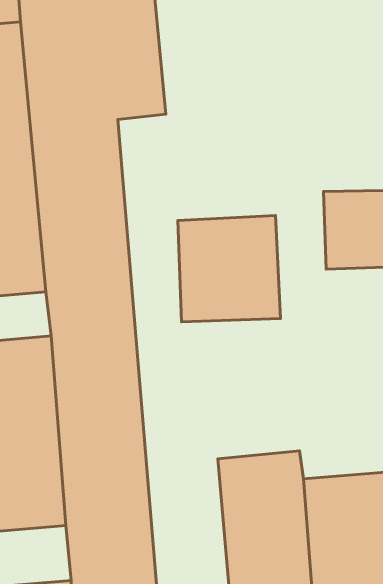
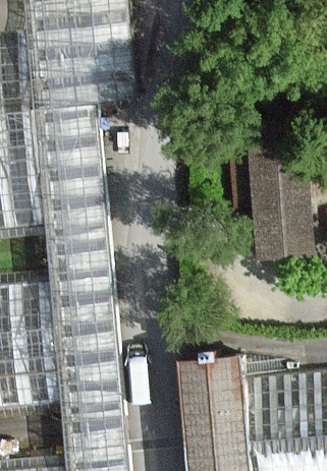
building: [178,215,281,322] -> none

